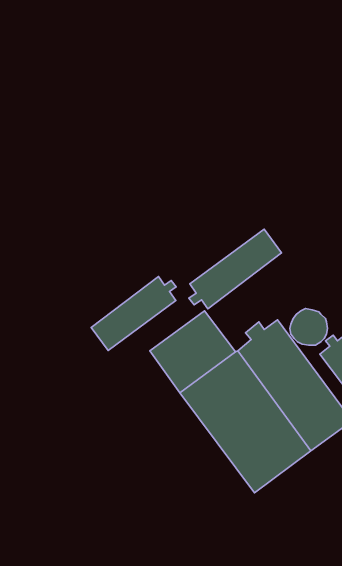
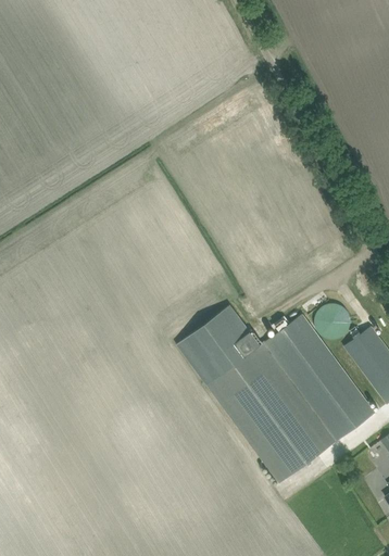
building: [189,229,282,309] -> none
building: [91,276,176,350] -> none

